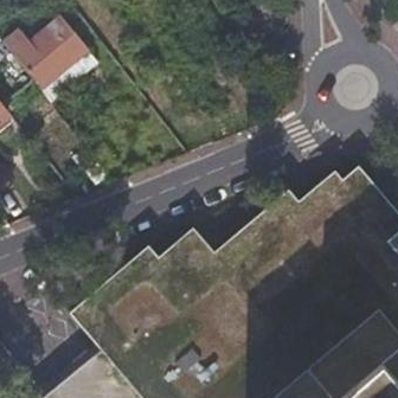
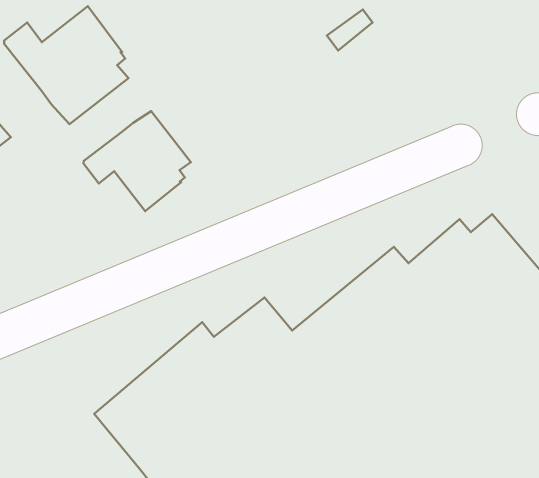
building: none -> [83,111,191,211]

